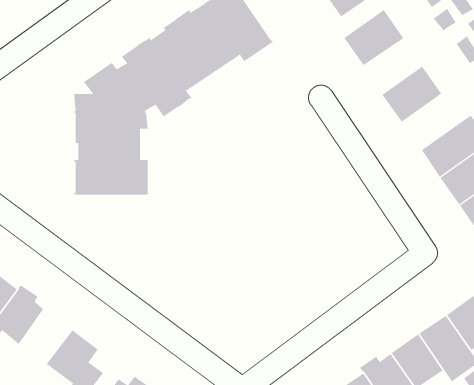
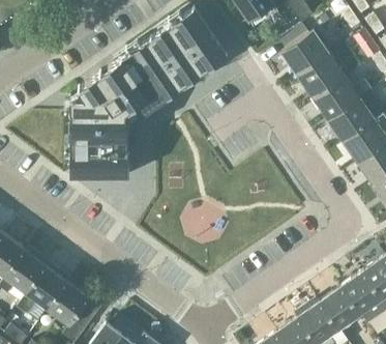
building: none -> [298,54,345,98]
building: none -> [328,97,376,142]
building: none -> [18,263,69,315]

